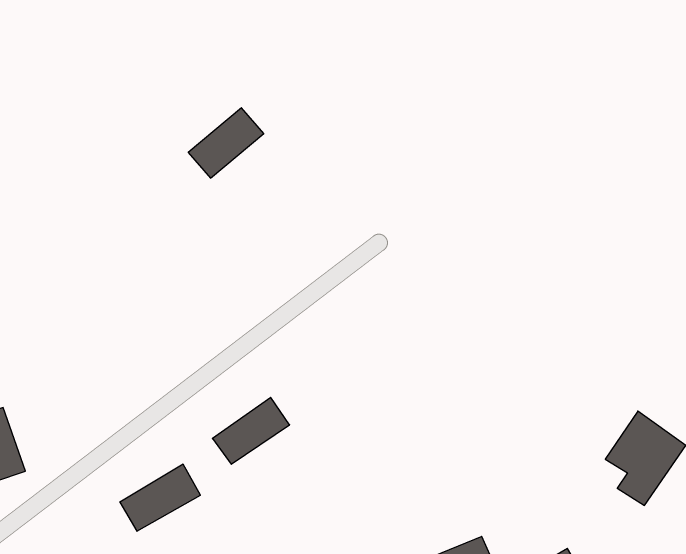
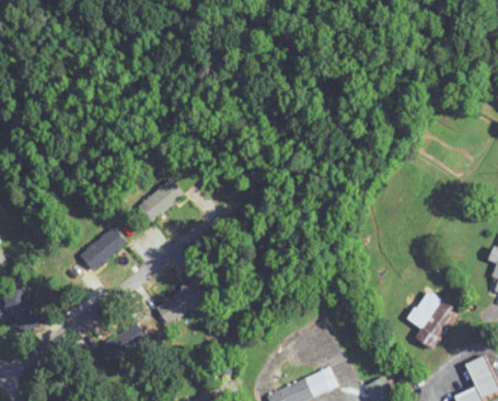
building: [188,108,264,178] -> [137,177,185,222]
building: none -> [78,225,126,272]

